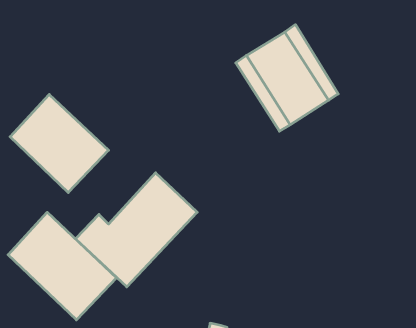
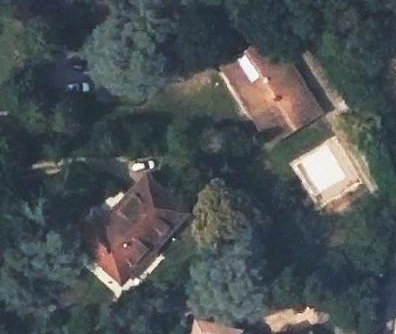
building: [10,94,109,193] -> none
building: [8,212,117,320] -> none

